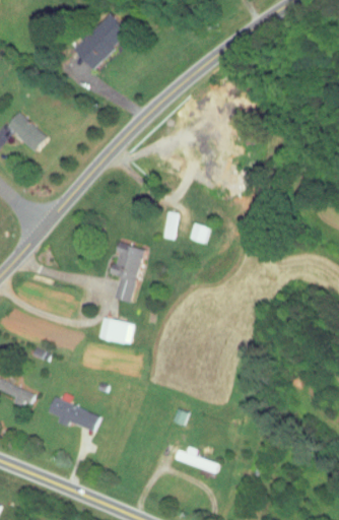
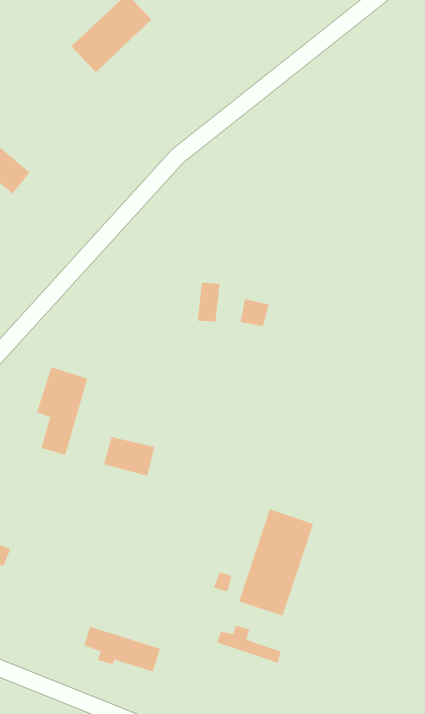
building: [110,242,145,303] -> [36,367,88,456]
building: none -> [238,509,314,617]
building: [48,399,100,431] -> [84,626,161,672]

